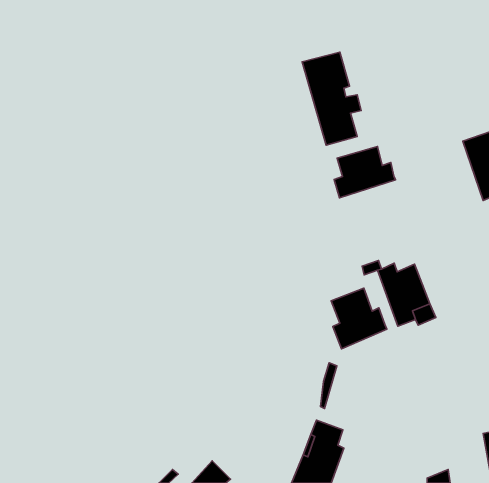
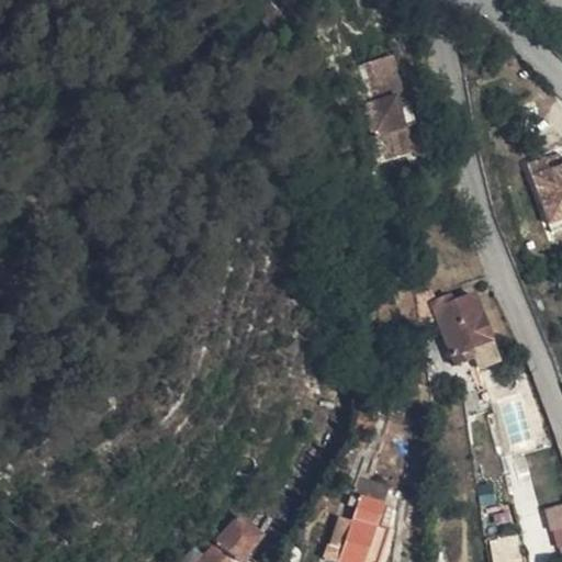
building: [334,146,395,198] -> none
building: [331,288,387,349] -> none

